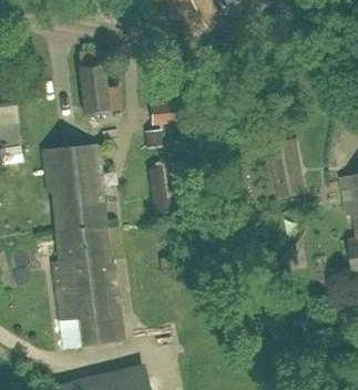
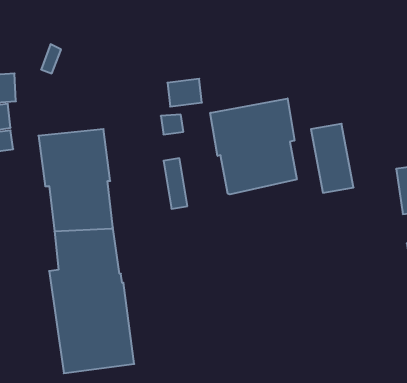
building: [78,48,122,114] -> none
building: none -> [210,98,297,194]

